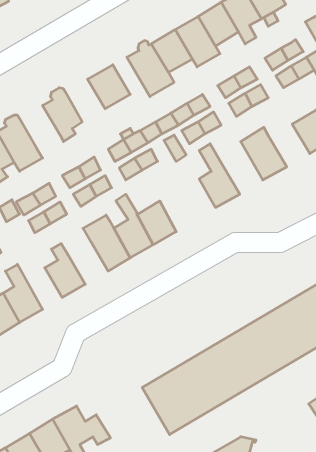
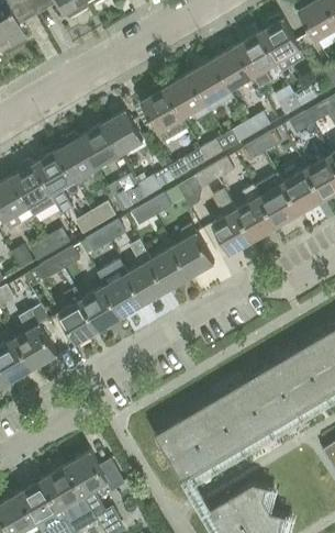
building: none -> [79,124,119,167]
building: none -> [33,151,74,213]
building: none -> [283,169,324,212]
building: none -> [236,186,277,240]
building: none -> [174,223,214,277]
building: none -> [81,287,122,330]

